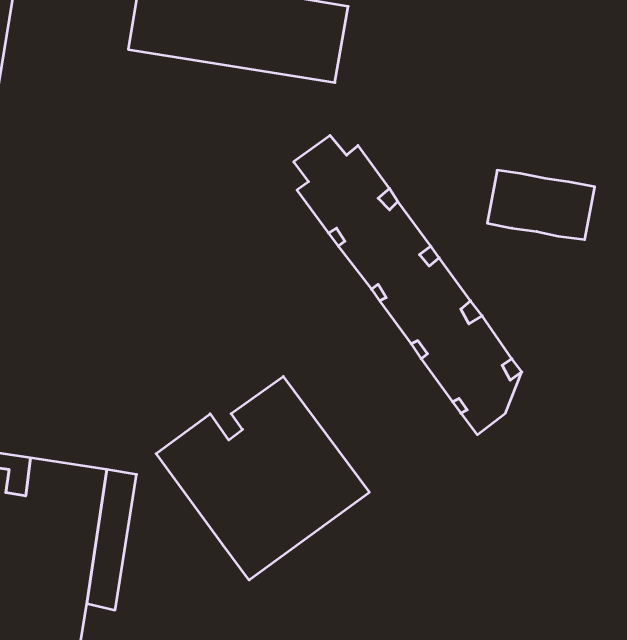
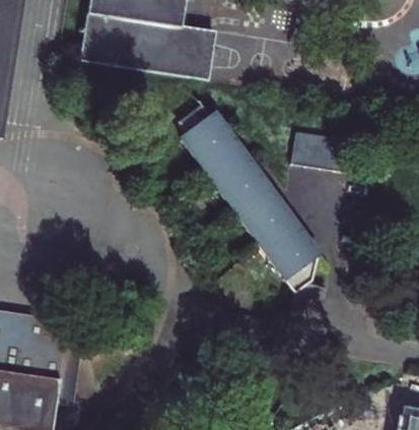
building: [156,376,369,580] -> none

